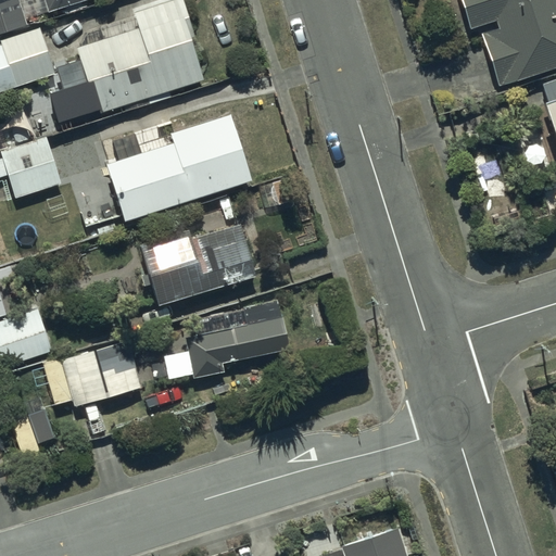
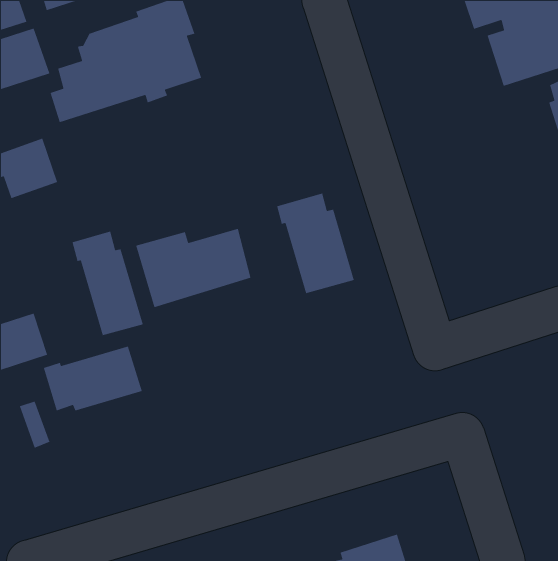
building: [105,114,249,220] -> none
building: none -> [276,192,355,294]
building: none -> [71,231,144,336]
building: [167,301,291,379] -> none

